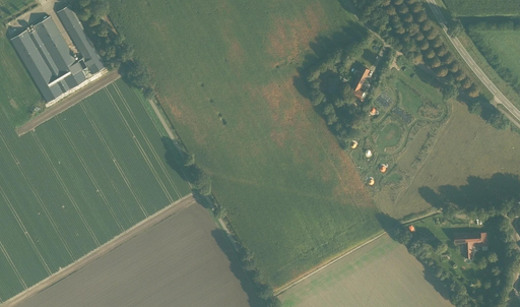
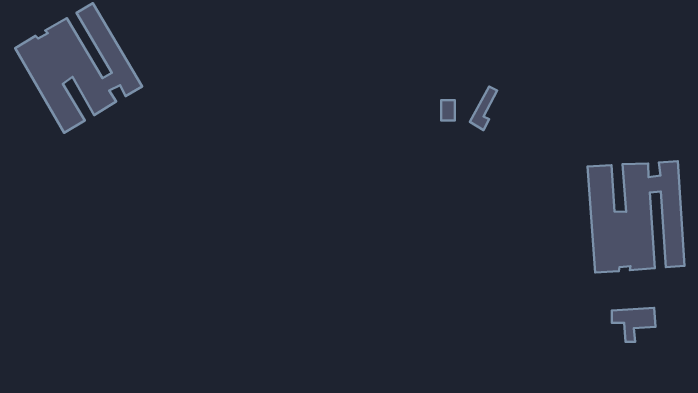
building: none -> [588,161,685,272]

